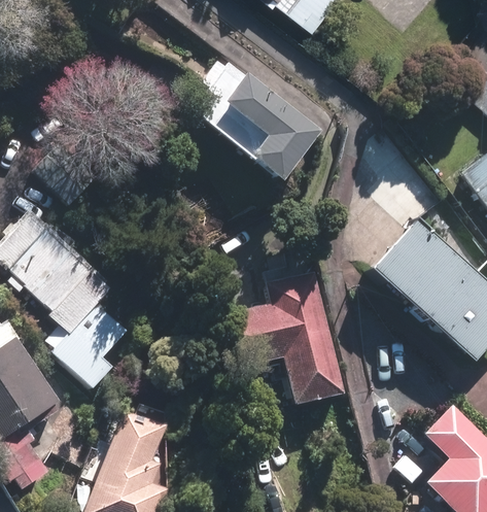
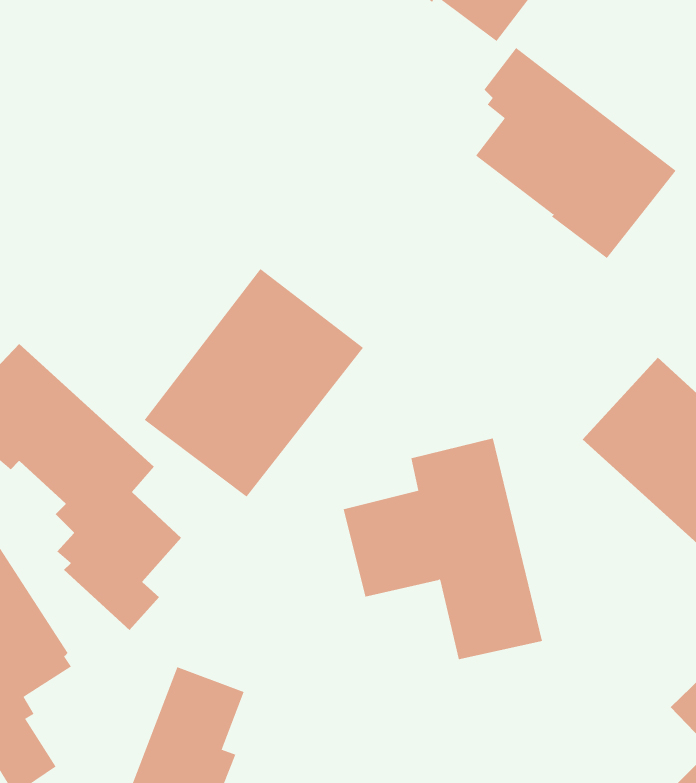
building: [198,56,320,184] -> [475,47,677,259]
building: none -> [144,268,364,498]

